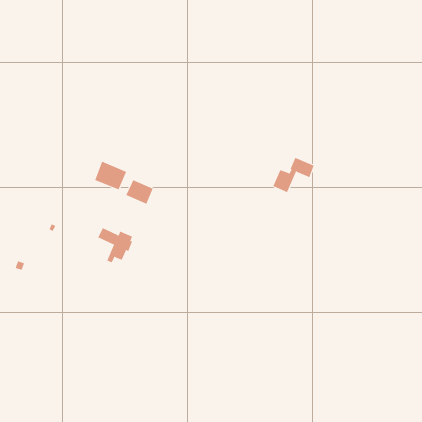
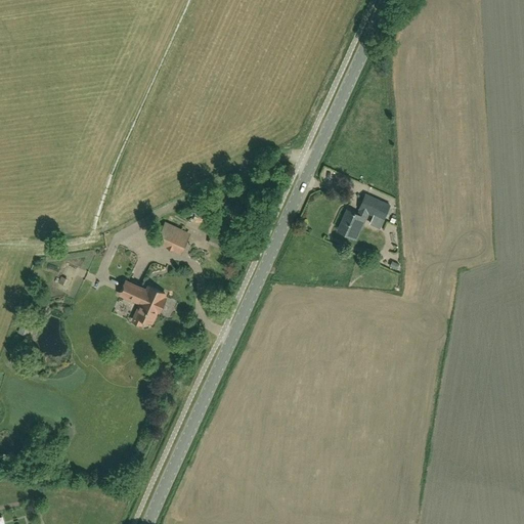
building: [94,161,127,190] -> none

